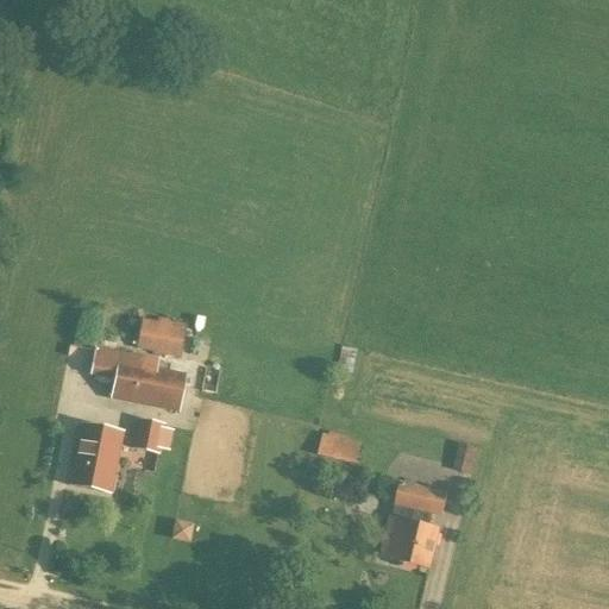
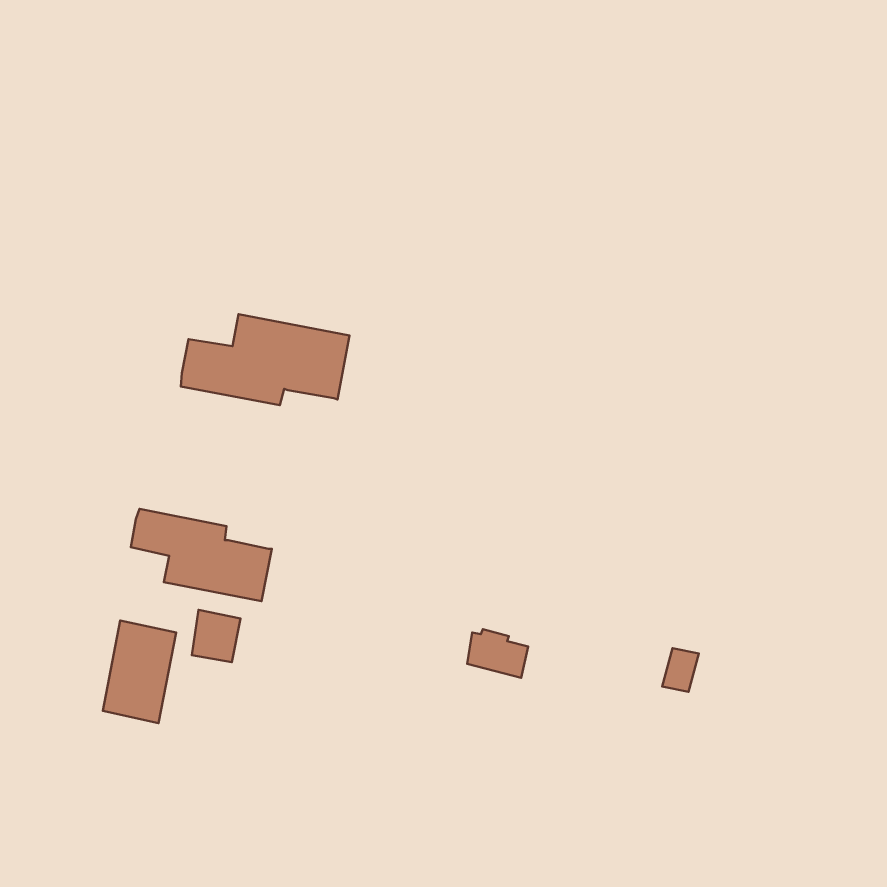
building: none -> [181,314,349,405]
building: [136,319,186,359] -> none
building: [385,479,450,569] -> none

